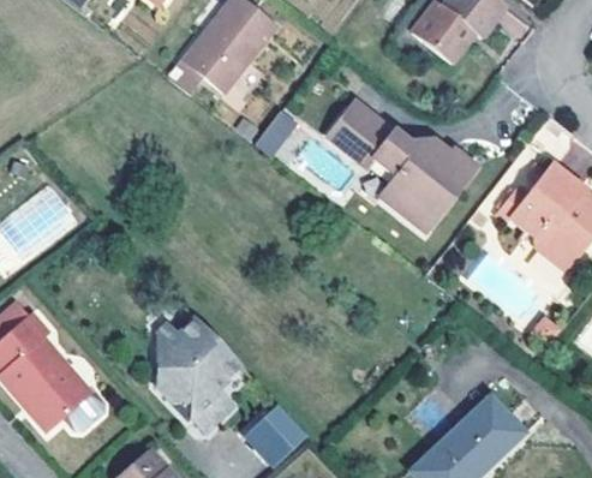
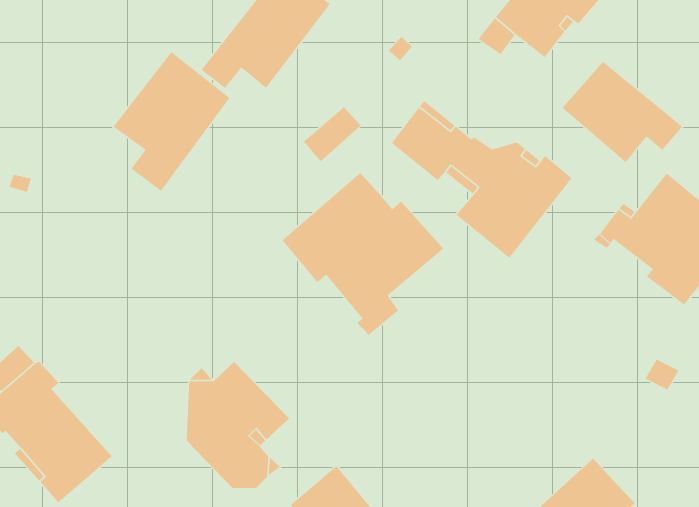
building: none -> [113,51,231,192]
building: none -> [562,61,683,163]
building: none -> [281,172,444,336]

